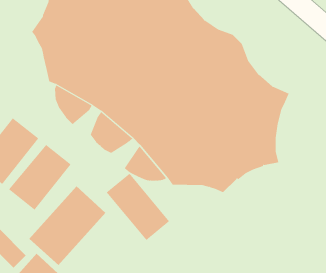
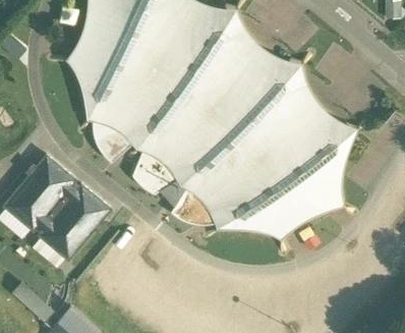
building: [106,173,170,241] -> none
building: [29,186,106,266] -> none

